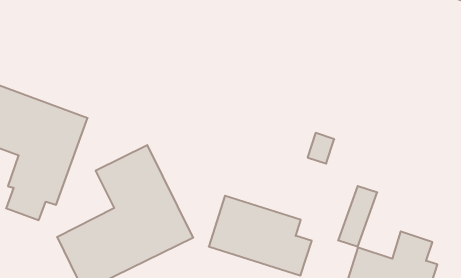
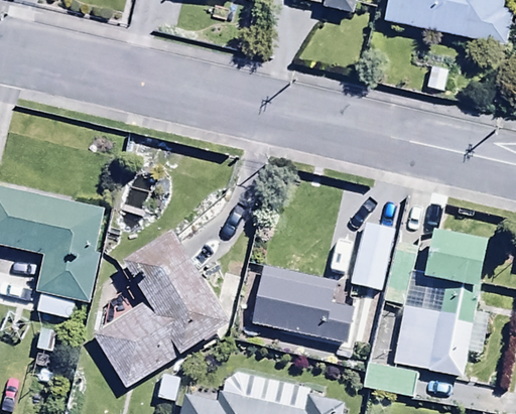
building: none -> [351,221,395,292]
building: none -> [424,227,487,283]

